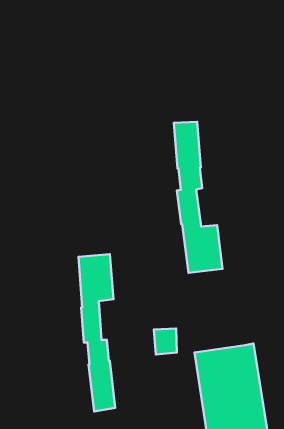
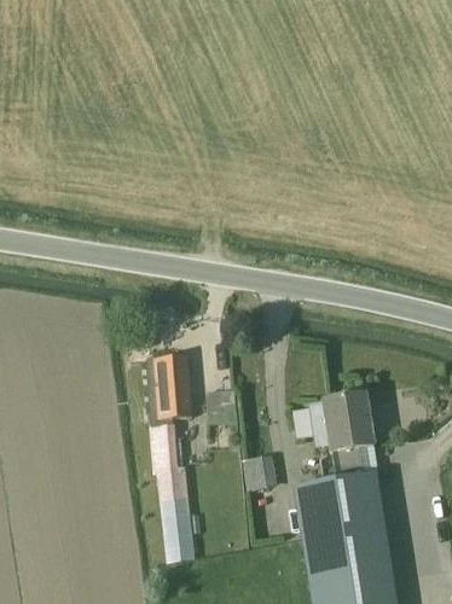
building: [174,122,222,273] -> none
building: none -> [309,393,373,481]

